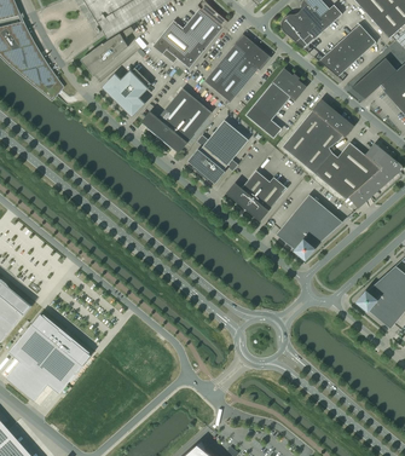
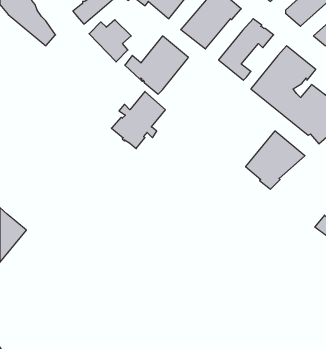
building: [187,119,248,183] -> [111,91,165,149]
building: [227,169,287,220] -> none
building: [6,313,91,400] -> none

